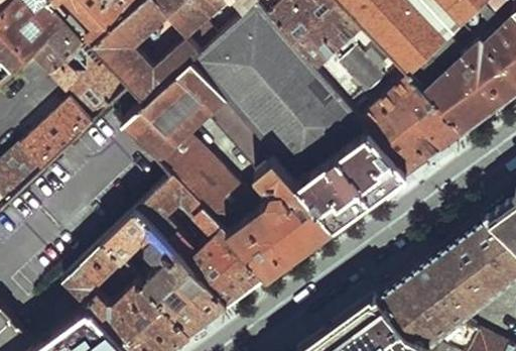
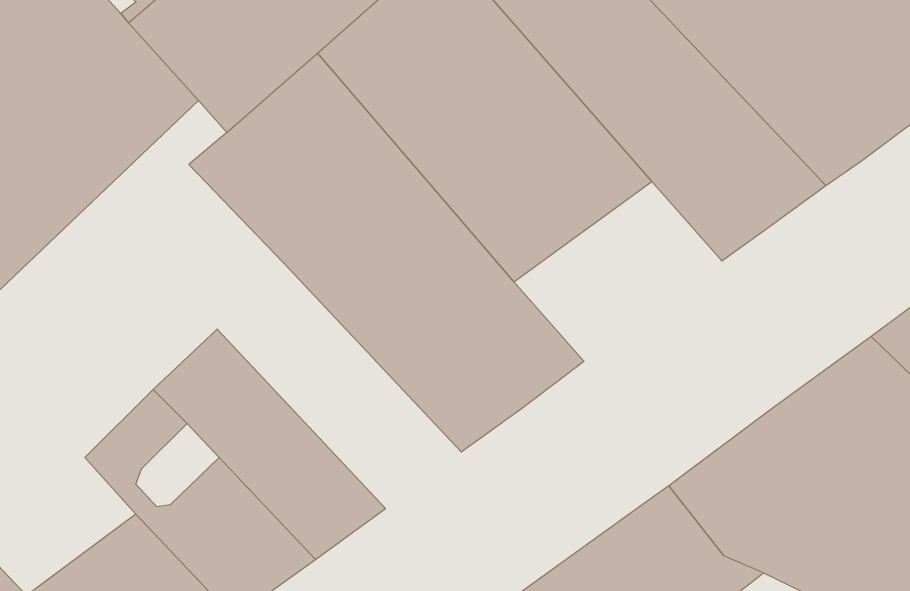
building: [297,132,408,228] -> none
building: [139,176,269,307] -> none

